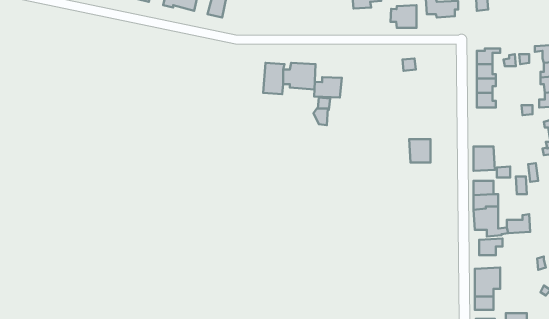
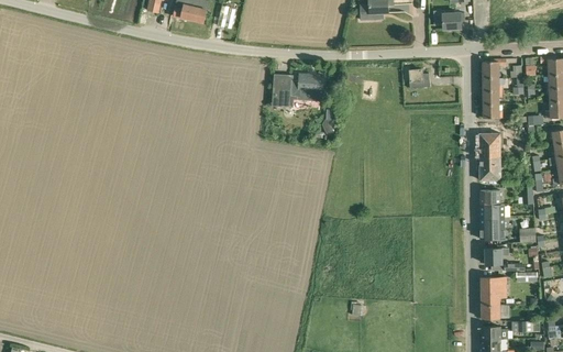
building: [391,5,417,28] -> none
building: [314,77,342,98] -> none
building: [409,139,430,163] -> [479,134,500,157]

